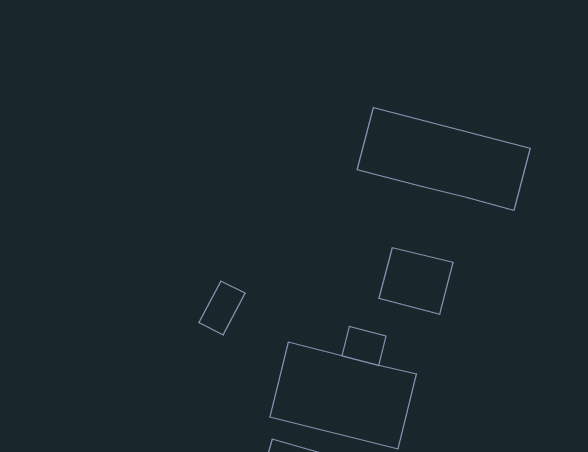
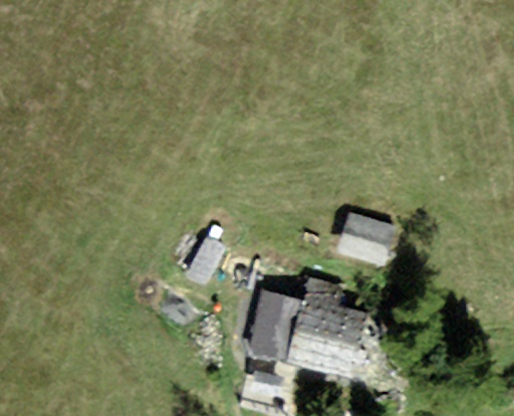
building: [357,107,530,210] -> none

